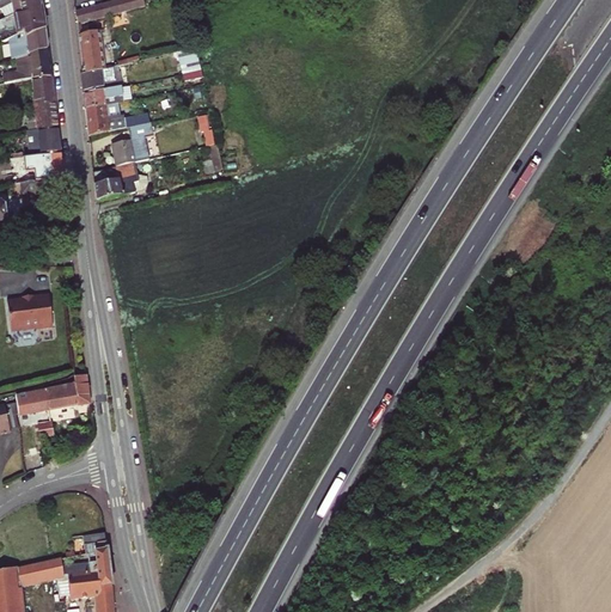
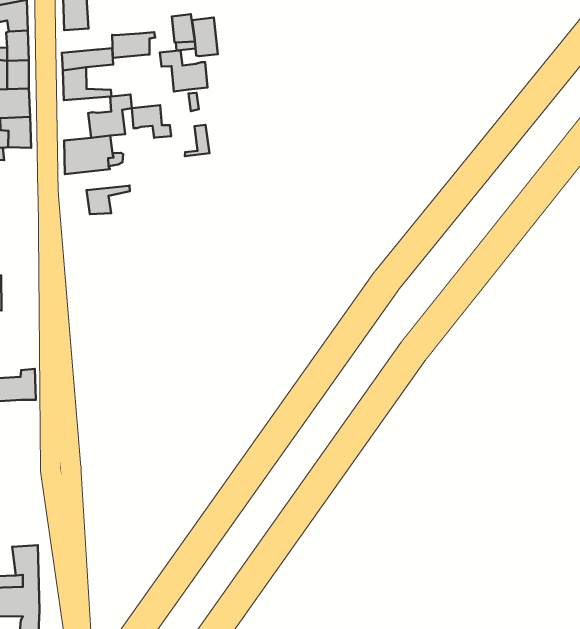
building: none -> [192,17,218,56]
building: [80,66,118,92] -> [112,32,155,58]
building: none -> [160,50,208,91]
building: none -> [132,105,171,138]
building: none -> [87,186,130,214]

